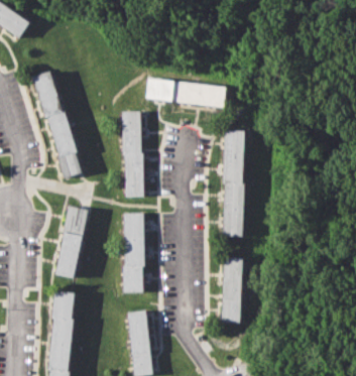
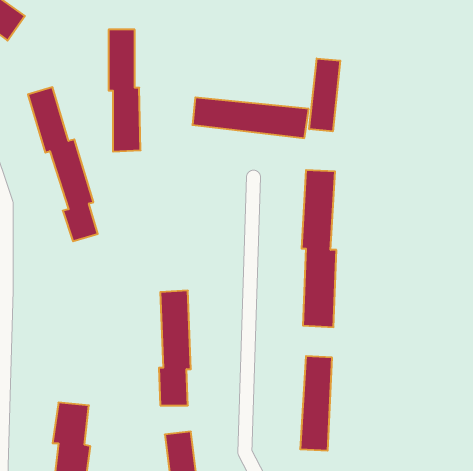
building: none -> [309,58,340,131]
building: [122,112,144,197] -> [109,30,141,152]
building: [54,207,85,278] -> none

